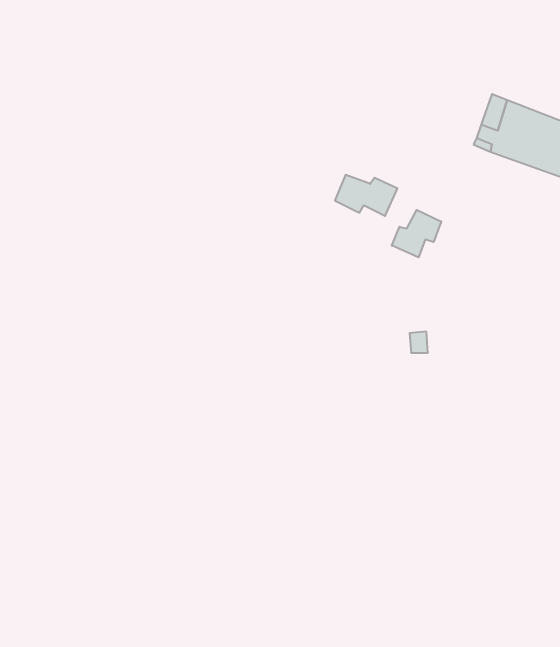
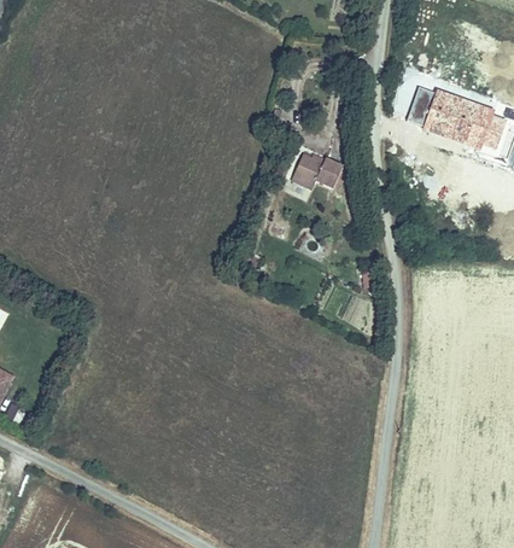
building: [392,210,441,257] -> none

